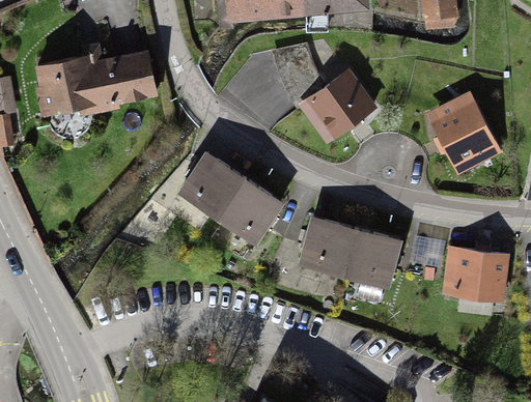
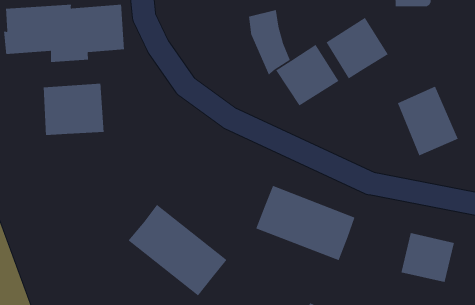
building: none -> [326,17,389,79]
building: none -> [43,83,104,136]
building: [180,154,282,243] -> [128,204,227,297]

